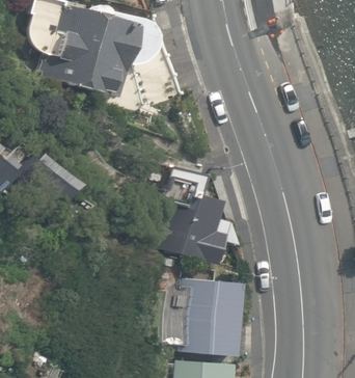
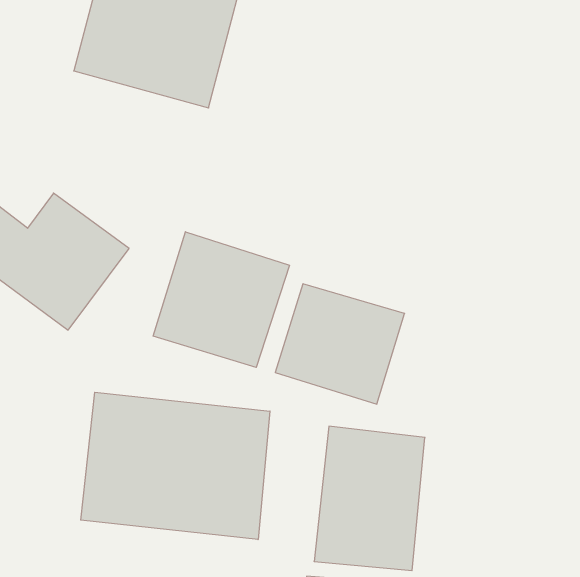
building: none -> [153,232,290,367]
building: none -> [81,392,270,540]

